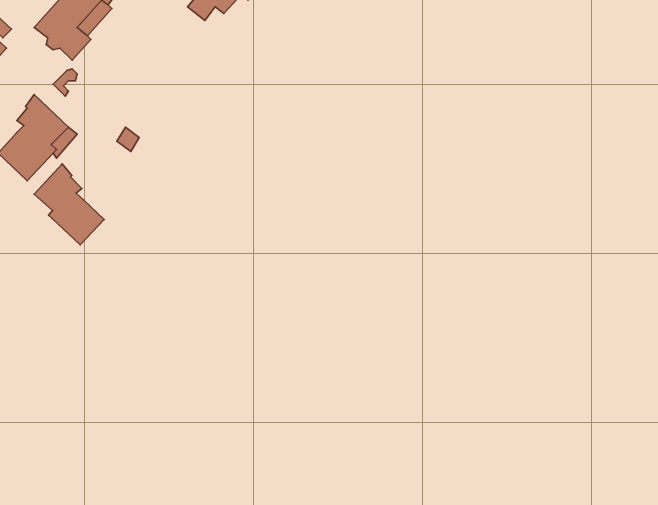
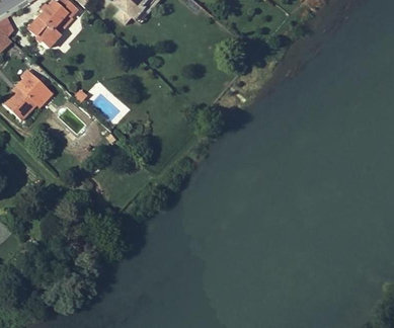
building: [34,164,104,245] -> none

